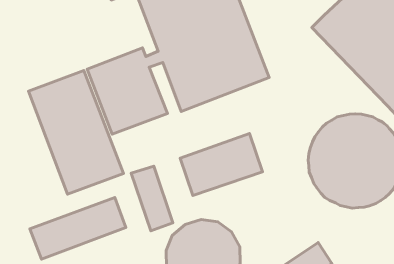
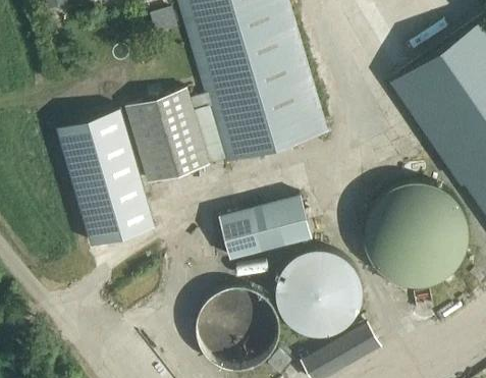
building: [131,166,173,231] -> none
building: none -> [278,250,364,335]
building: [30,198,126,259] -> none

